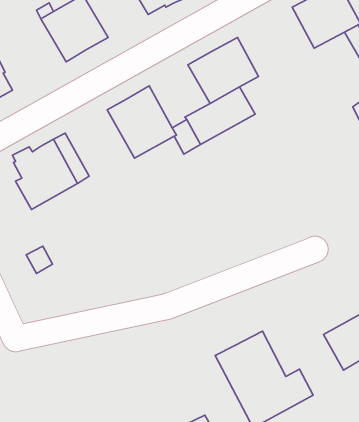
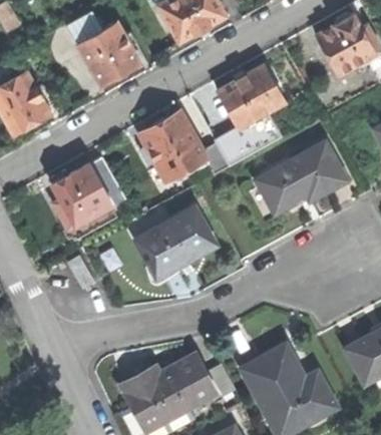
building: none -> [258,143,347,213]
building: none -> [135,208,215,278]
building: none -> [121,354,214,422]

